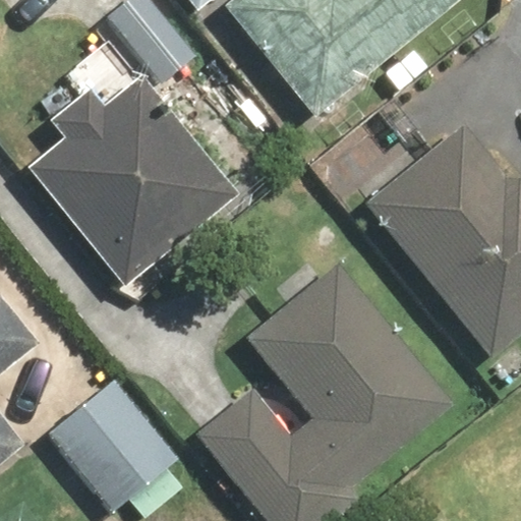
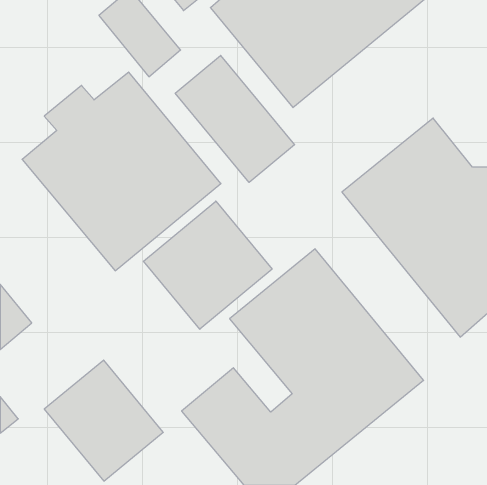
building: none -> [175,55,295,182]
building: none -> [143,201,272,329]

